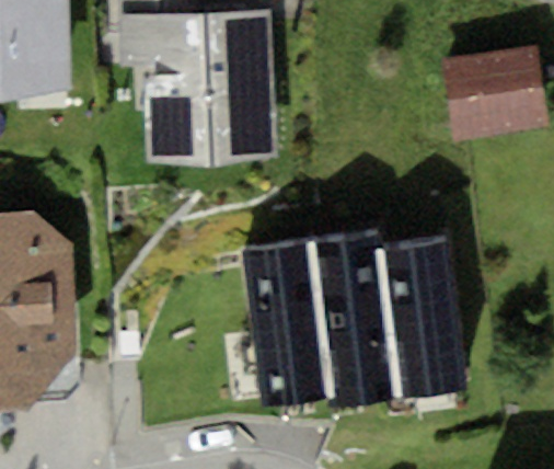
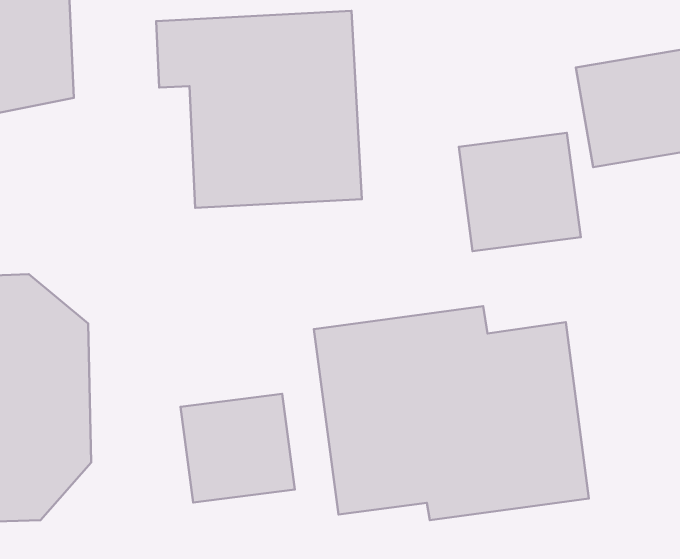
building: none -> [459,133,581,251]
building: none -> [180,394,295,503]

